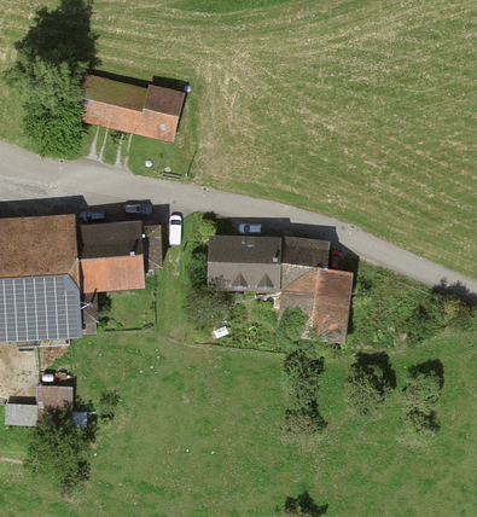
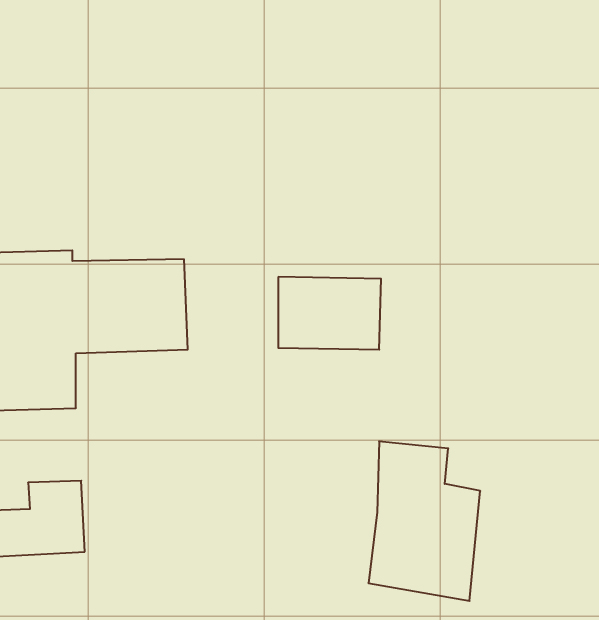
building: [71,72,181,139] -> none
building: [273,238,349,347] -> [368,441,480,601]

